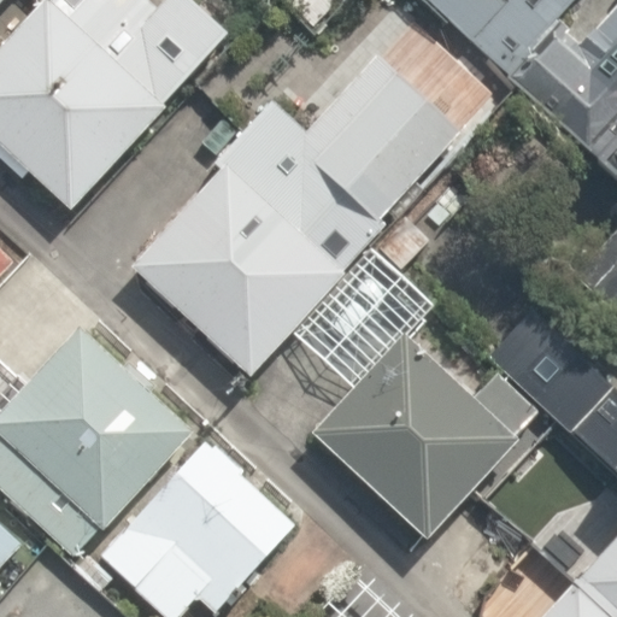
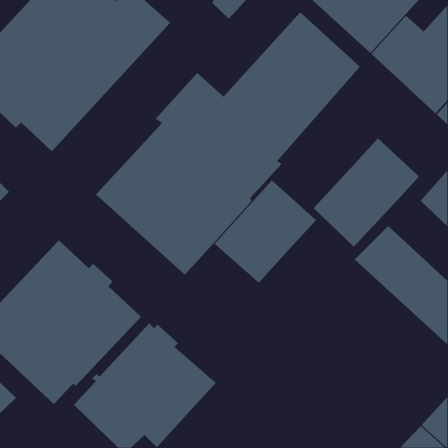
building: none -> [313,138,420,247]
building: [312,333,543,541] -> none

